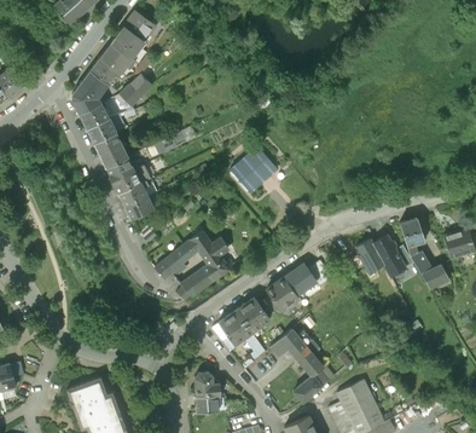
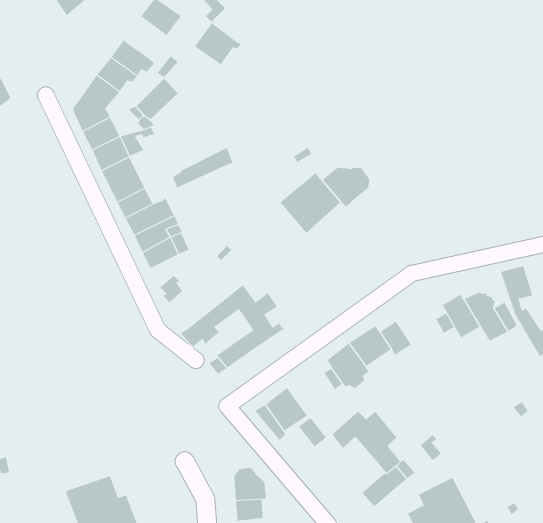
building: [110,25,146,58] -> [194,22,242,65]
building: none -> [322,167,370,207]
building: [236,298,269,331] -> none

